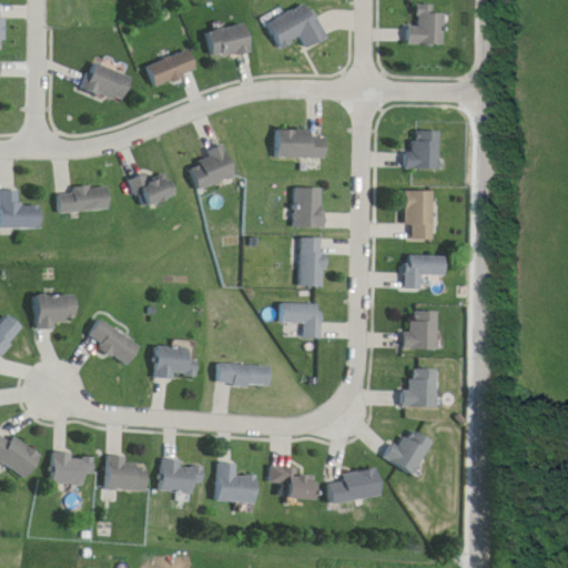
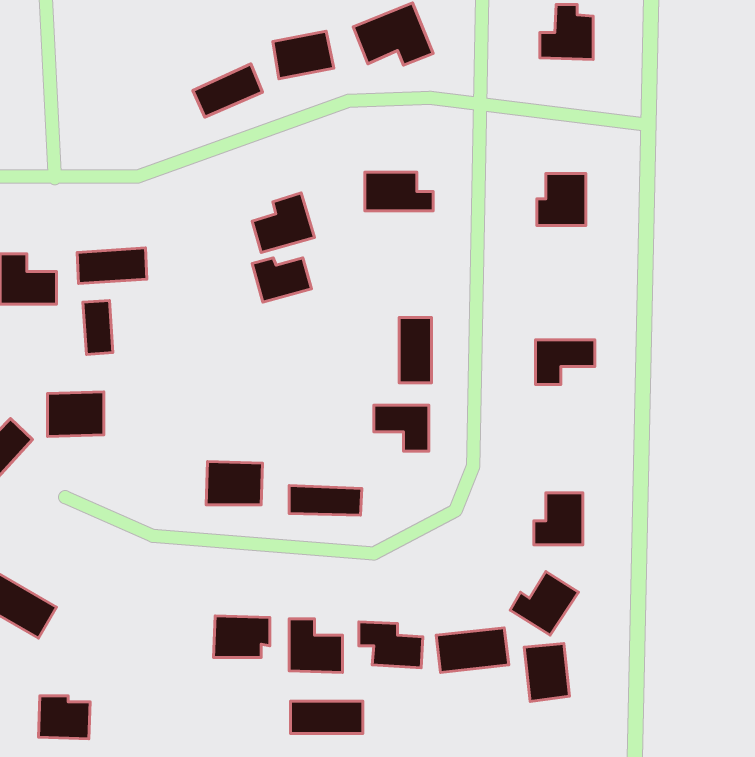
building: [82,62,131,101] -> none
building: [131,173,175,206] -> [252,258,312,302]
building: [293,187,322,226] -> none
building: [402,190,430,237] -> none
building: none -> [83,300,113,354]
building: [405,310,436,348] -> none
building: [87,317,142,365] -> none
building: [51,452,90,484] -> [38,696,90,739]
building: [108,453,148,489] -> none
building: none -> [524,643,569,701]
building: none -> [291,701,363,733]

